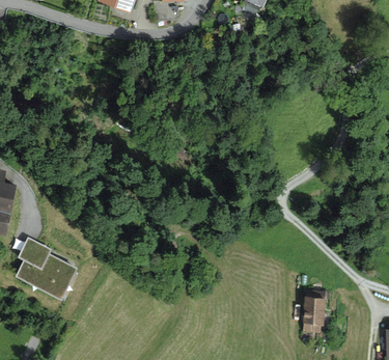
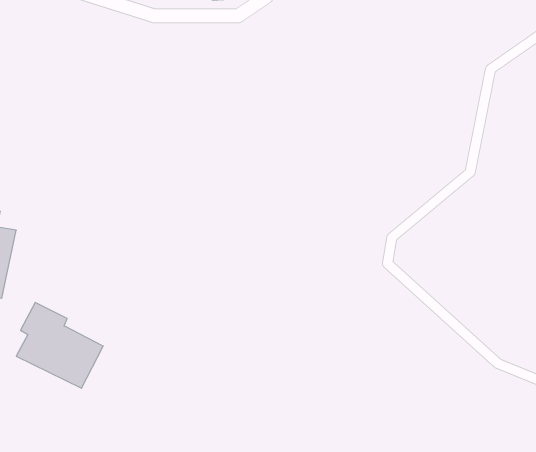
building: [304,298,324,330] -> none

